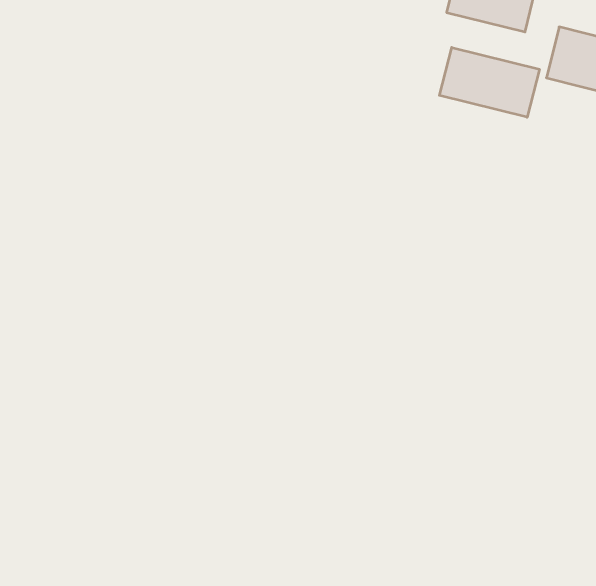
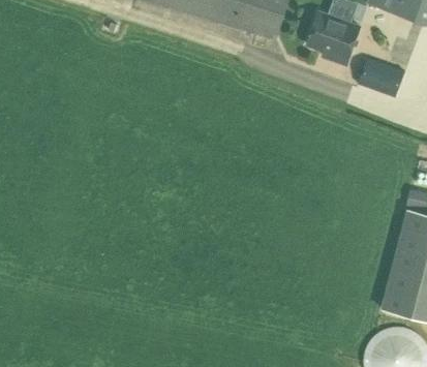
building: [439,47,539,117] -> none

